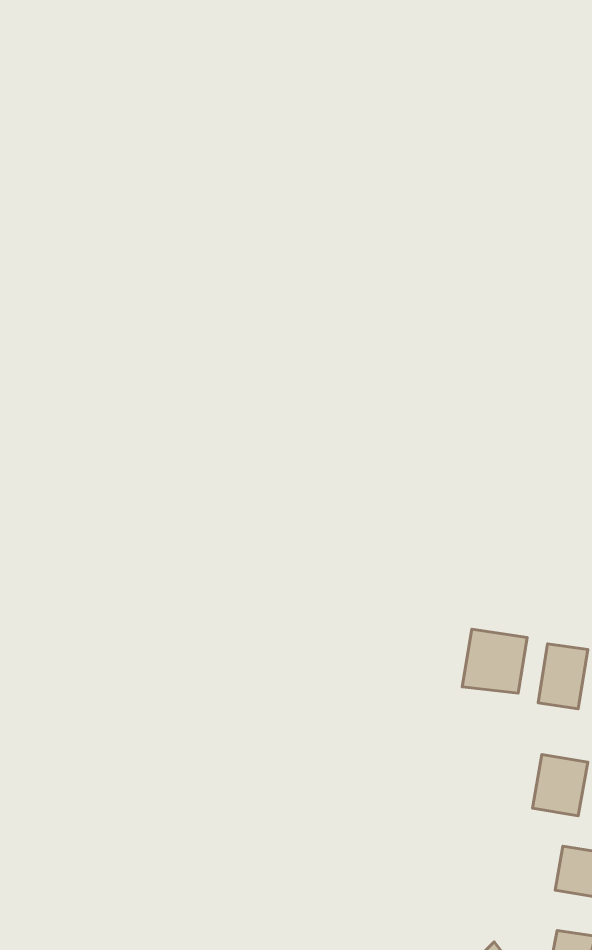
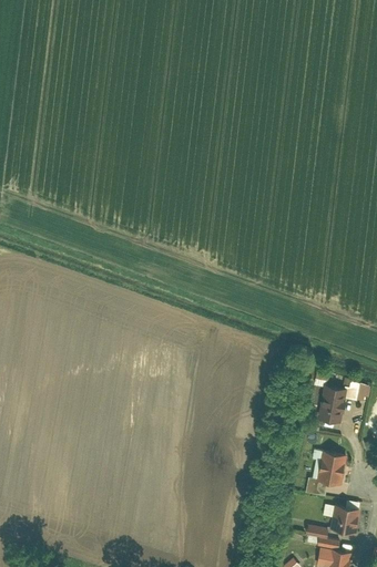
building: [462,629,527,693] -> none
building: none -> [304,524,338,549]

